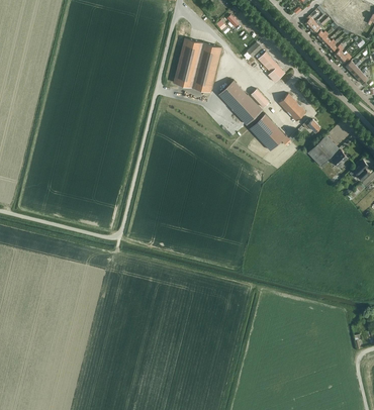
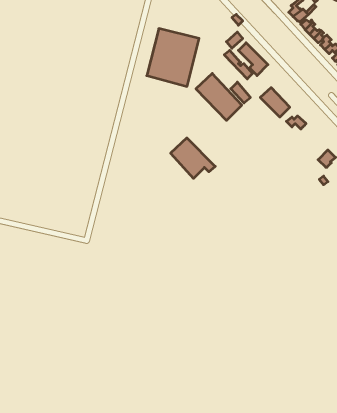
building: [251,111,292,148] -> [171,138,215,178]
building: [307,135,339,167] -> none

